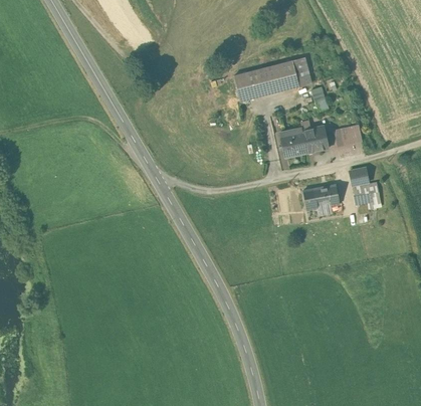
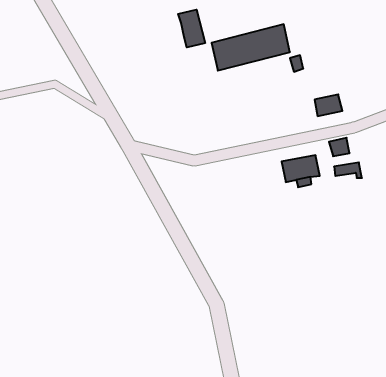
building: none -> [178,10,205,47]
building: [279,126,328,158] -> none

